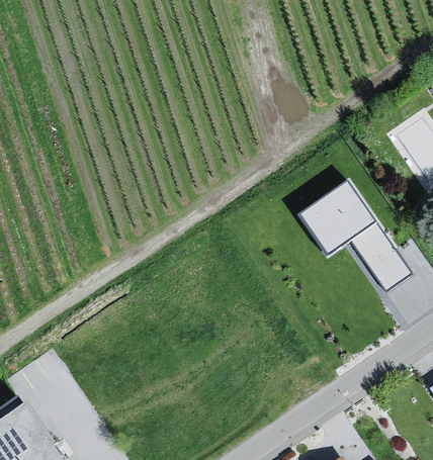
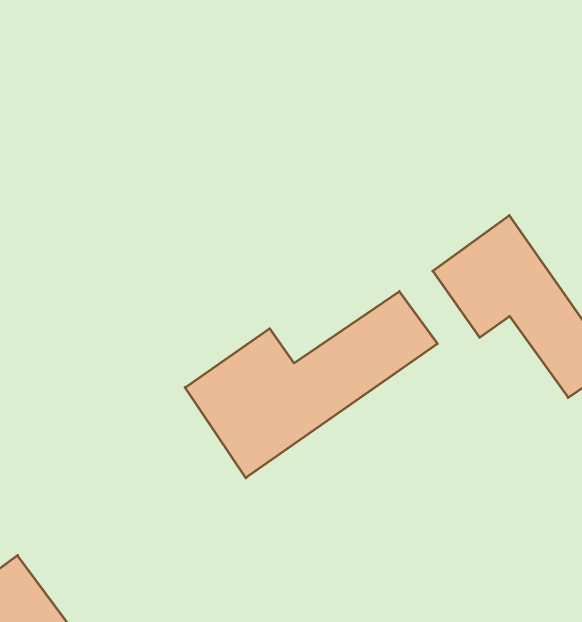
building: none -> [185,291,437,478]

